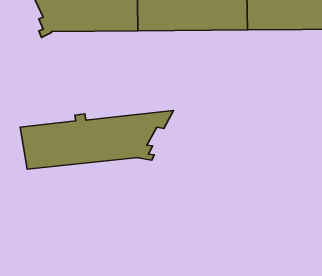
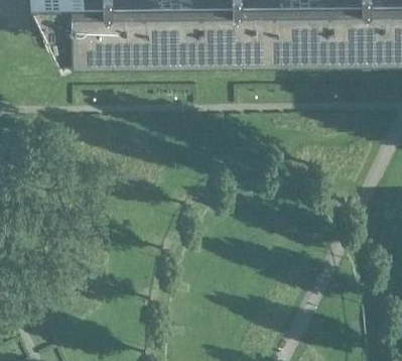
building: [20,110,174,169] -> none

